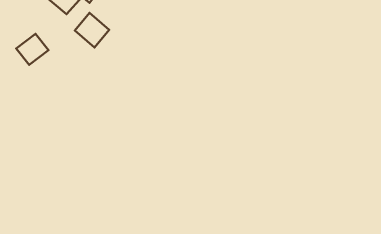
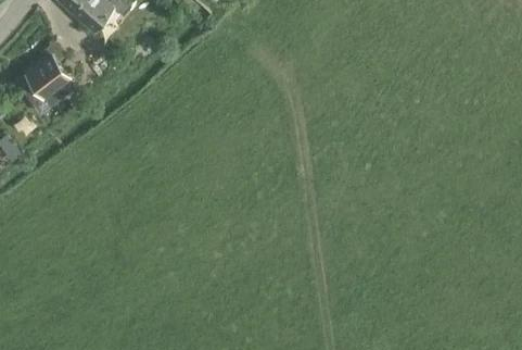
building: [75,13,109,47] -> none

